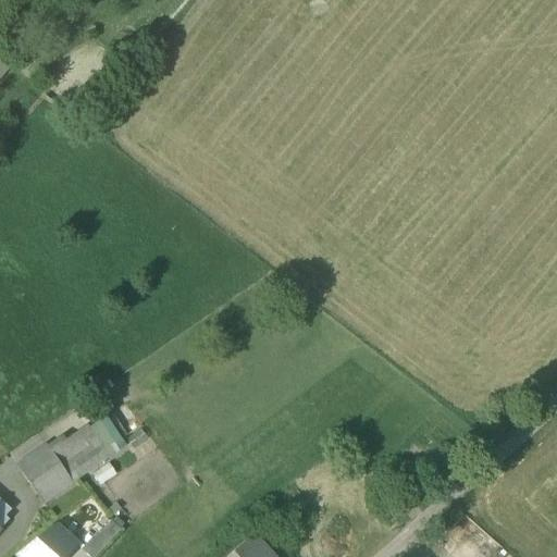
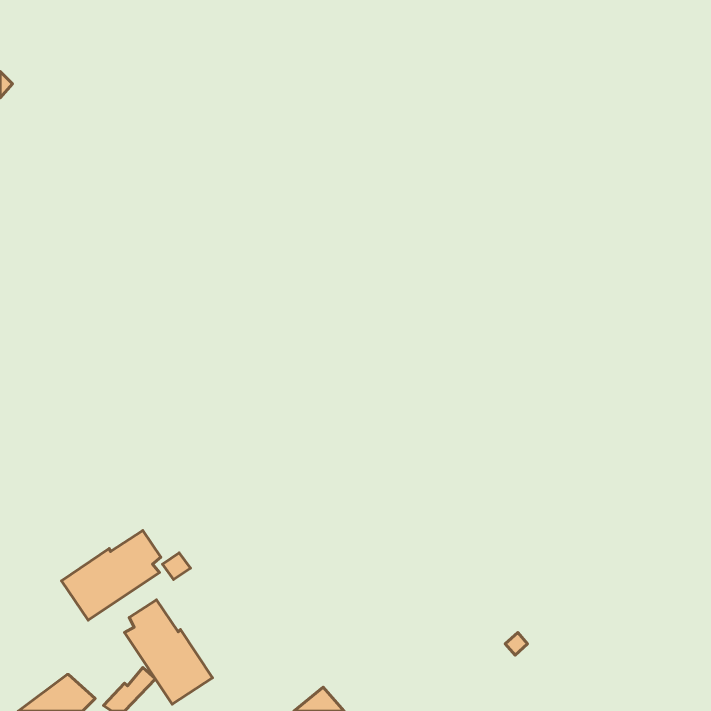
building: [20,447,72,502] -> none
building: none -> [124,600,212,704]

